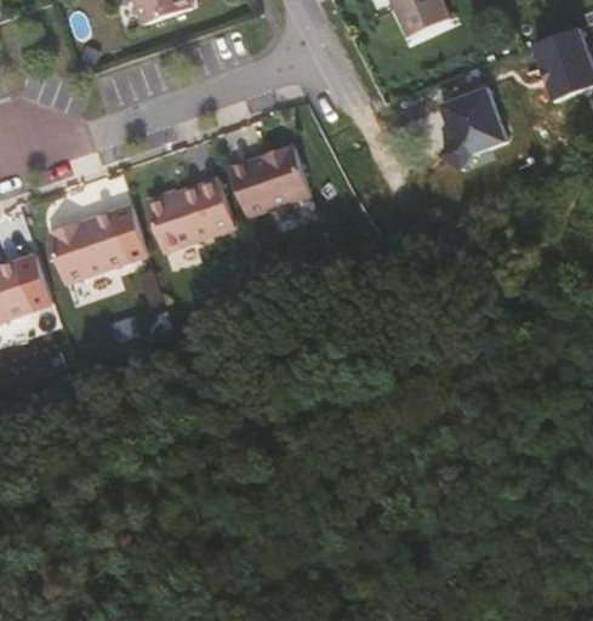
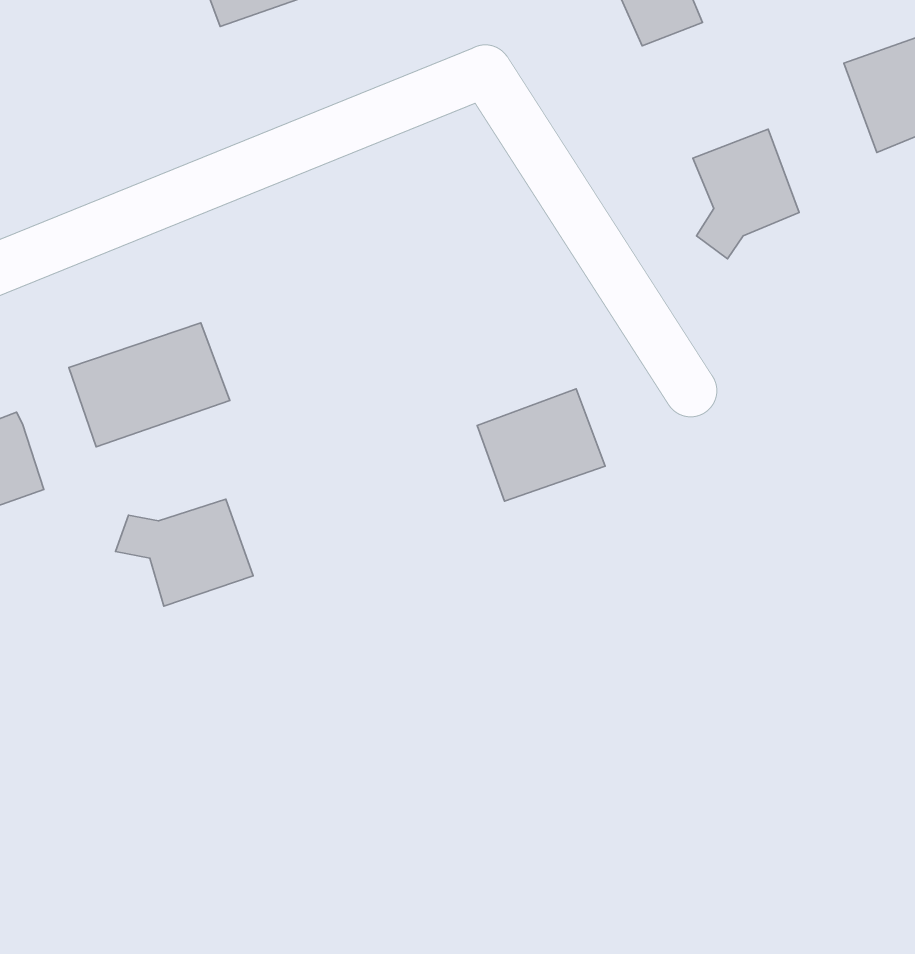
building: [228,144,308,215] -> [477,389,605,501]
building: [147,178,235,252] -> none
building: none -> [115,499,253,606]

